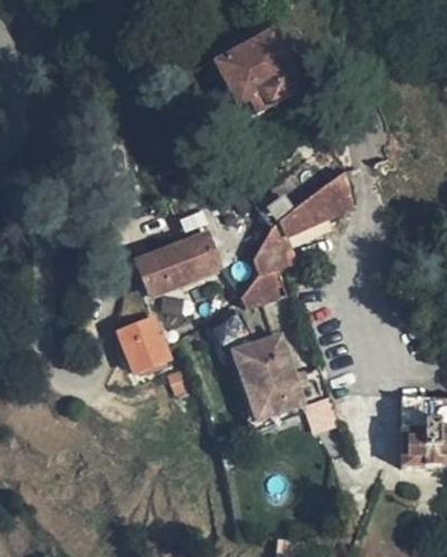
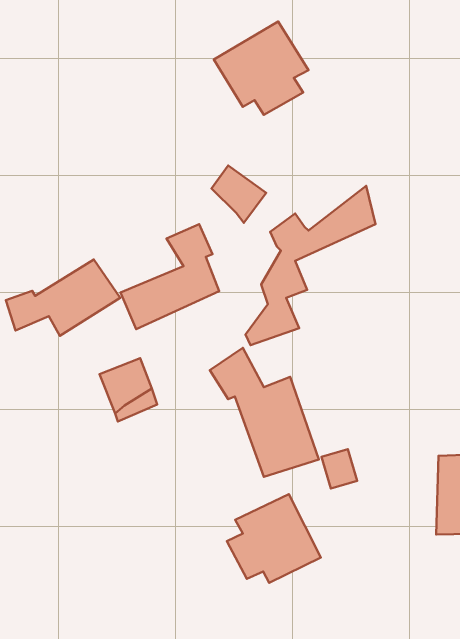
building: none -> [212,165,266,223]
building: none -> [6,259,120,336]
building: none -> [227,494,321,583]

